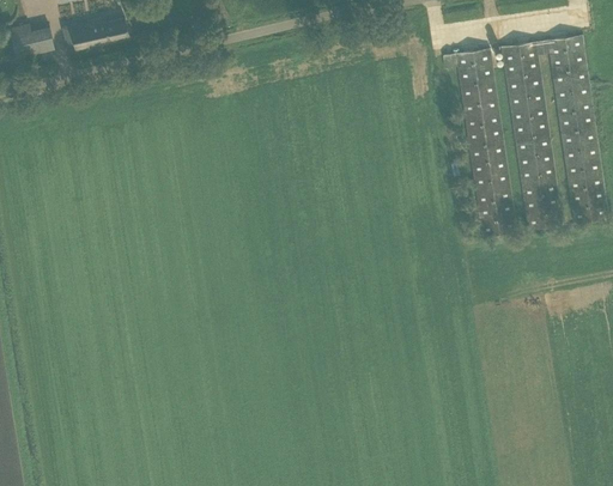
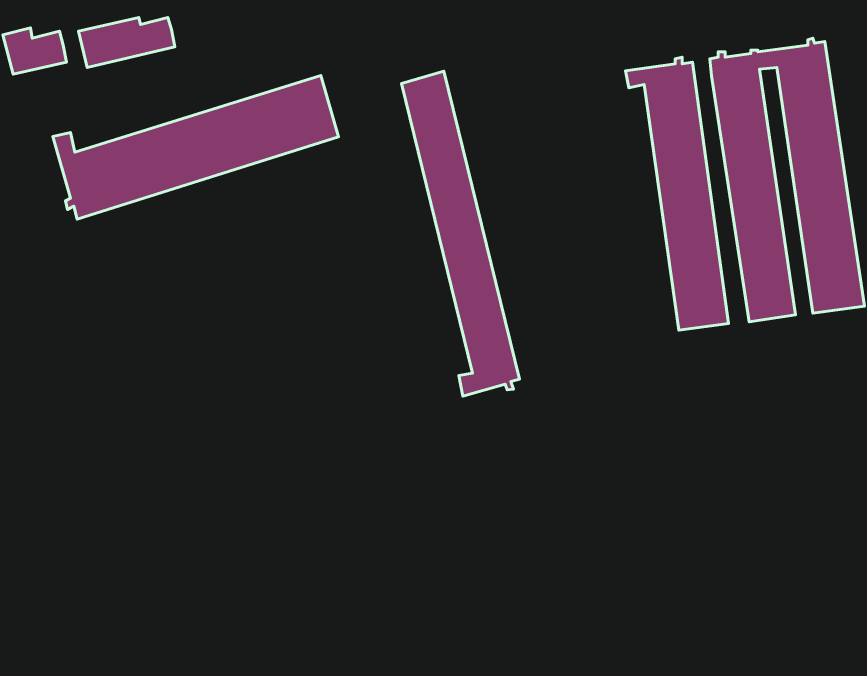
building: none -> [401,71,520,396]
building: none -> [53,75,339,219]

